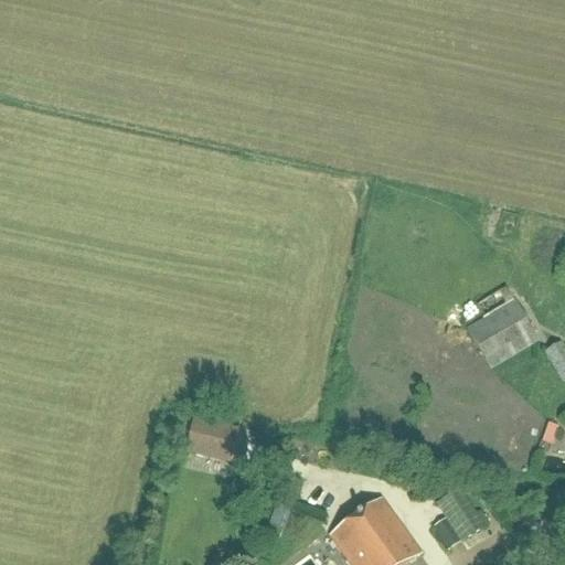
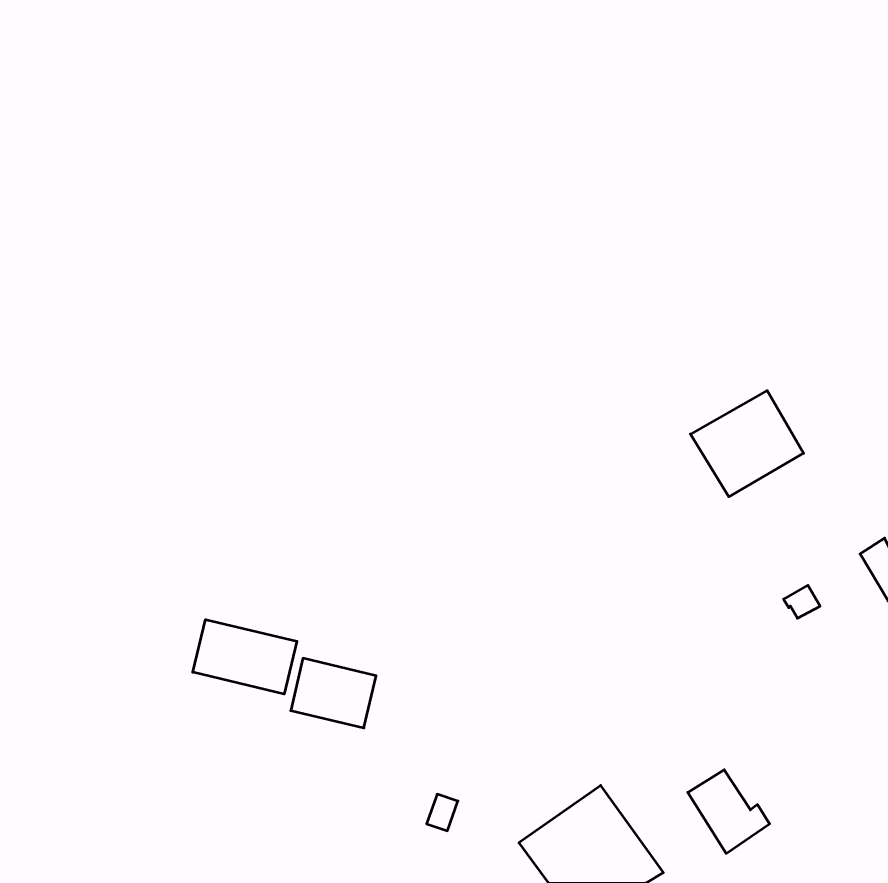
building: [467,299,539,366] -> [690,391,804,497]
building: none -> [193,620,297,694]

